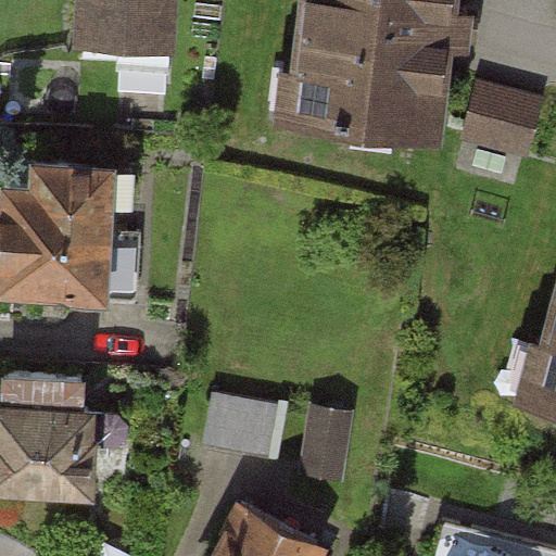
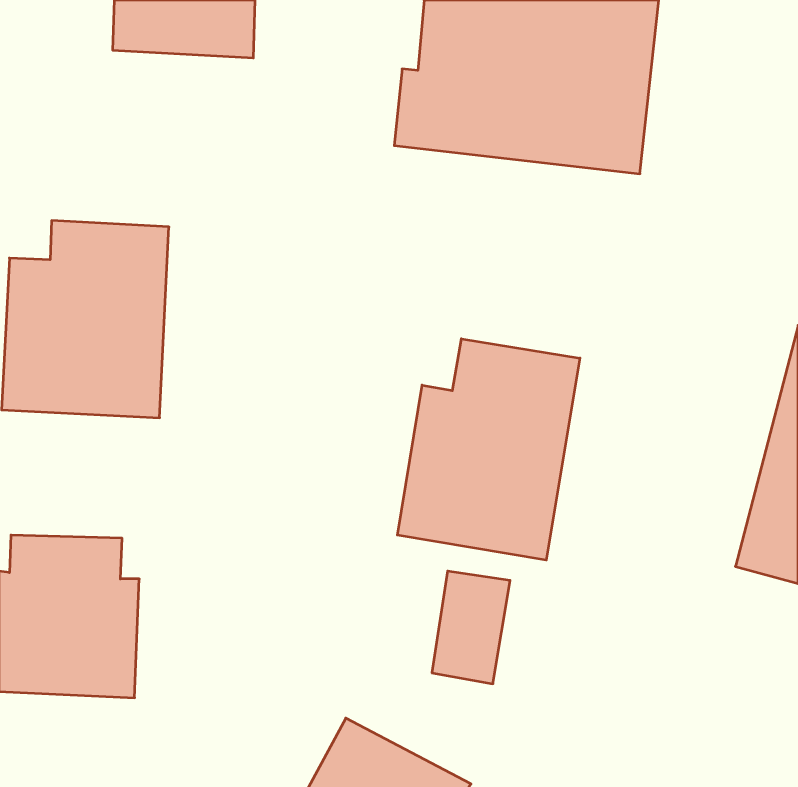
building: [459,80,544,160] -> none
building: none -> [397,339,580,560]
building: [204,395,279,460] -> none

